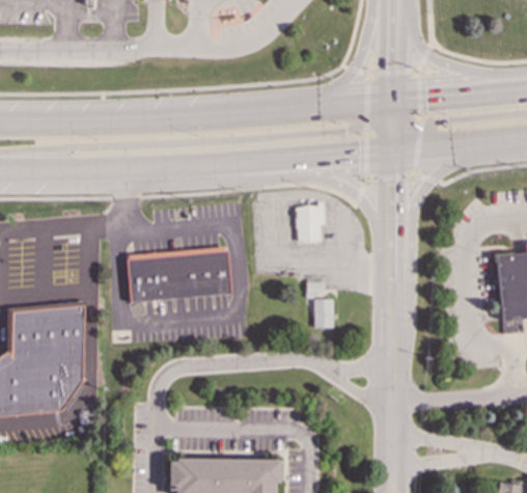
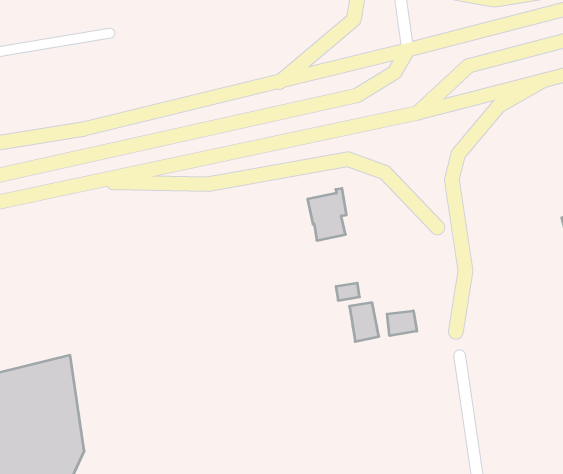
building: [127,250,231,303] -> none
building: none -> [387,311,417,336]

